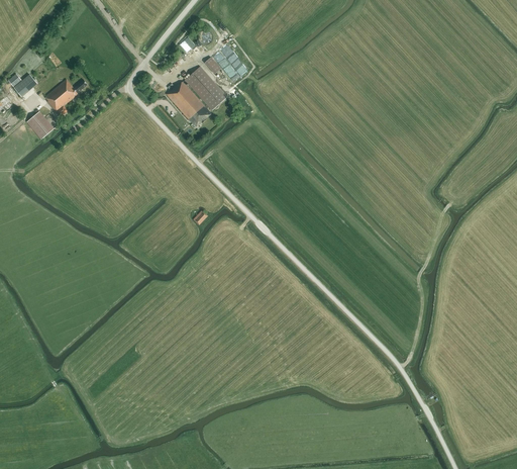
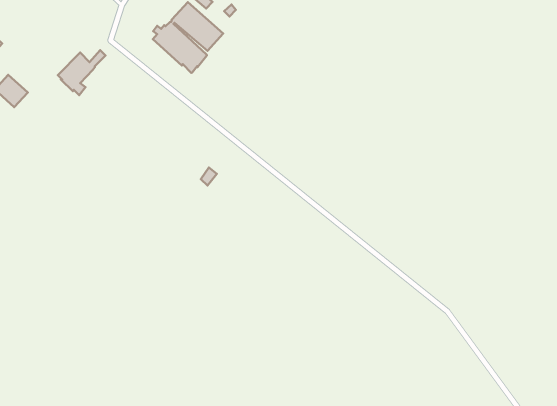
building: [45,79,88,115] -> [58,50,105,95]

